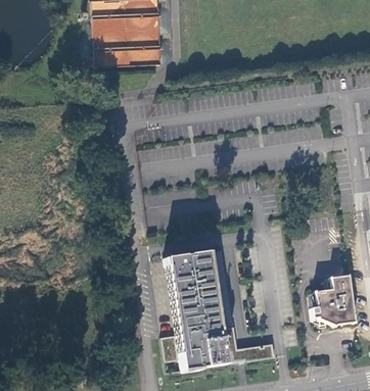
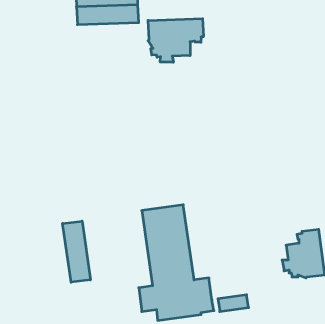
building: none -> [148,19,203,62]
building: none -> [63,221,90,282]

